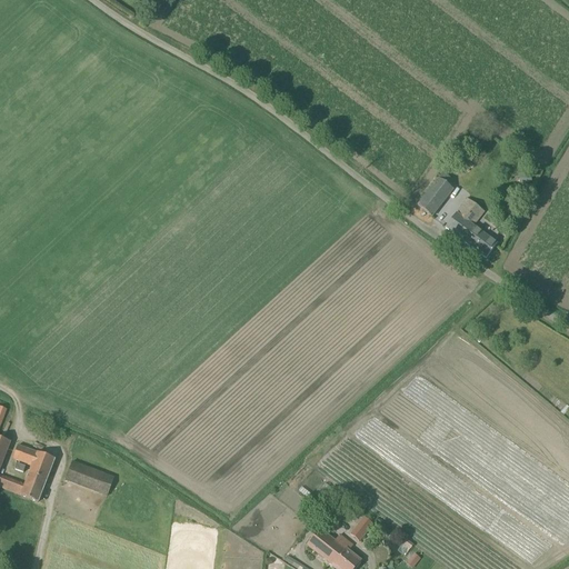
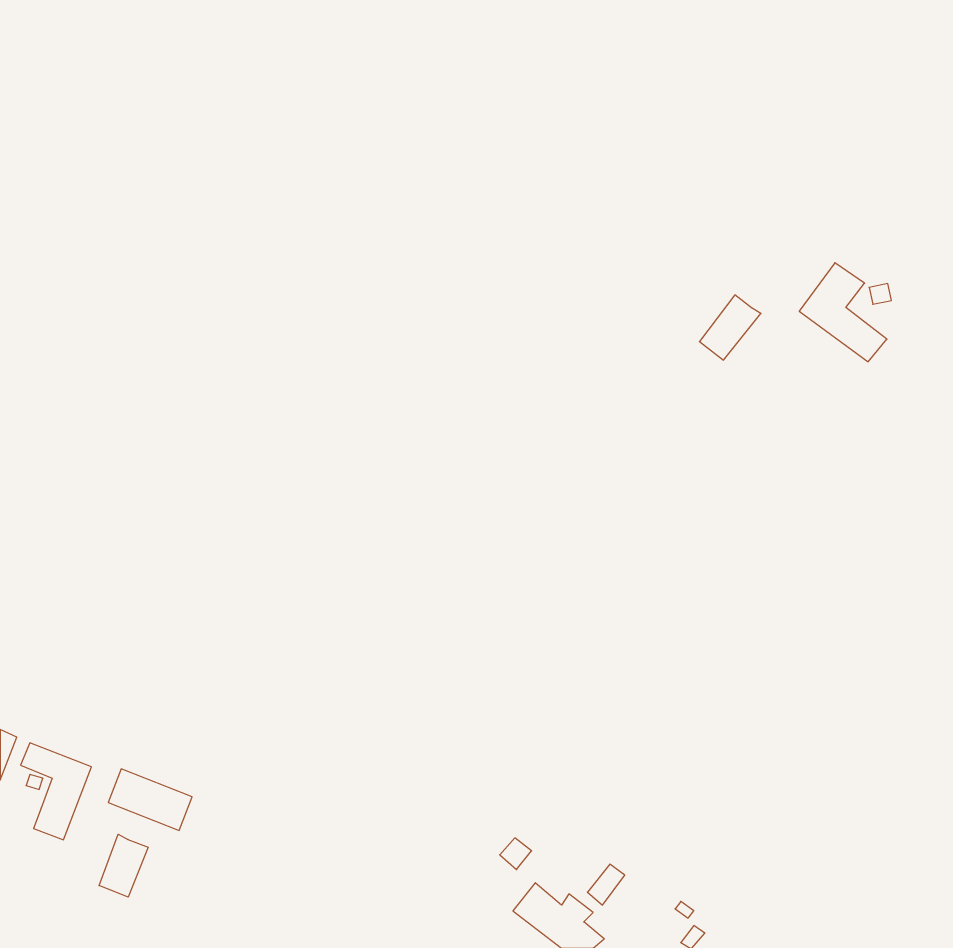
building: [445,197,497,256] -> [799,263,887,362]
building: none -> [99,834,148,897]

